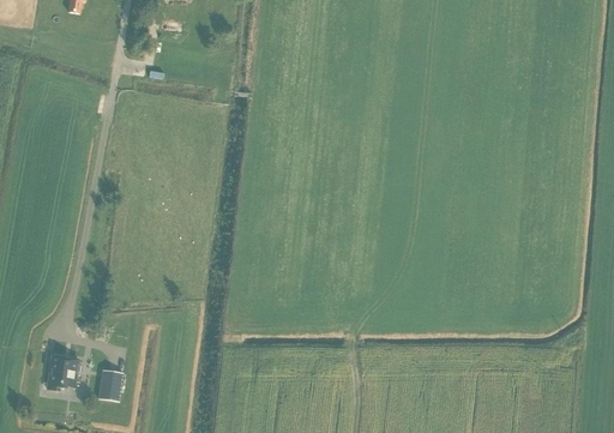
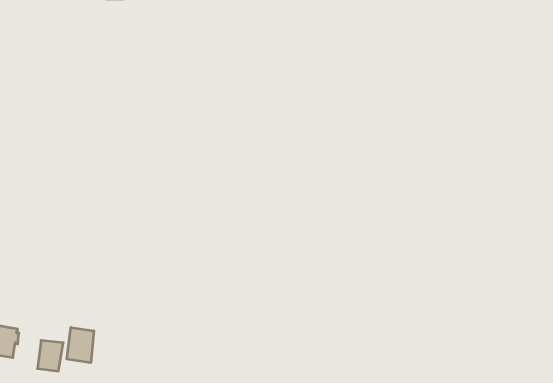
building: none -> [67,327,94,363]

